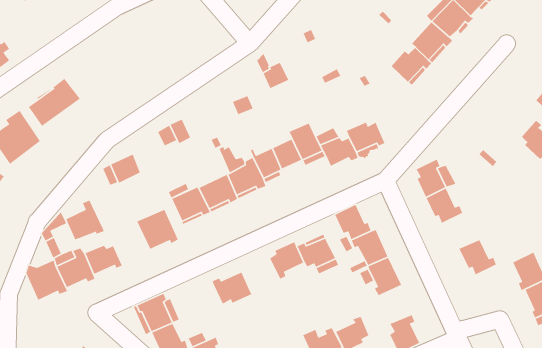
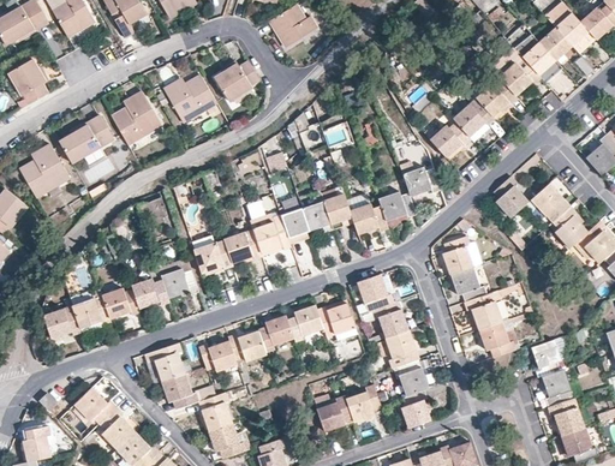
building: none -> [216,61,261,102]
building: none -> [163,74,217,123]
building: none -> [112,91,161,144]
building: none -> [402,166,441,196]
building: none -> [492,175,527,217]
building: none -> [531,183,569,222]
building: [65,200,105,241] -> [131,268,169,307]
building: none -> [464,289,501,328]
building: none -> [257,313,294,351]
building: none -> [393,359,428,395]
building: none -> [199,340,237,371]

